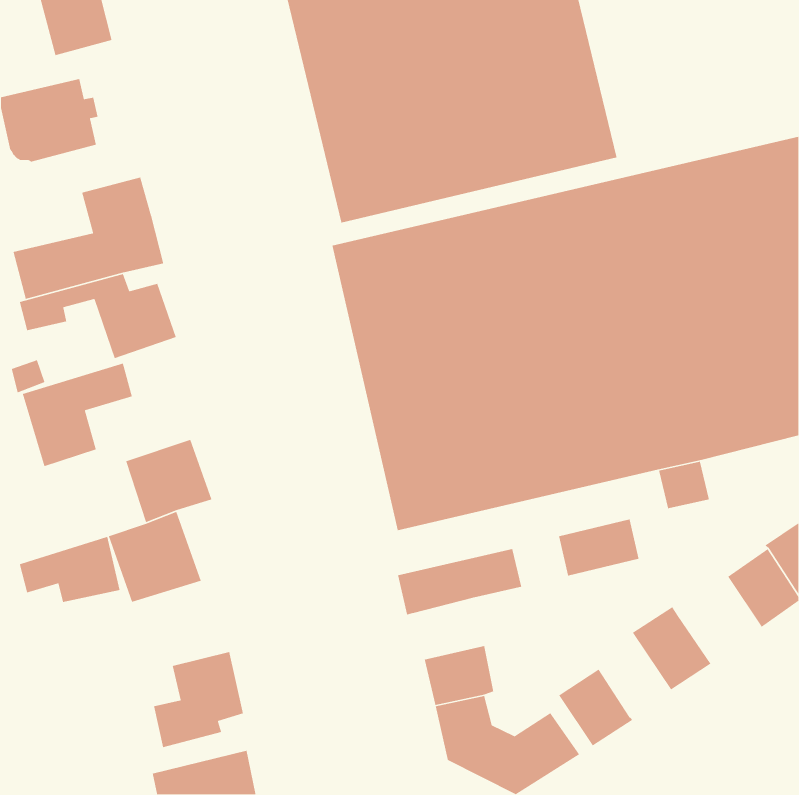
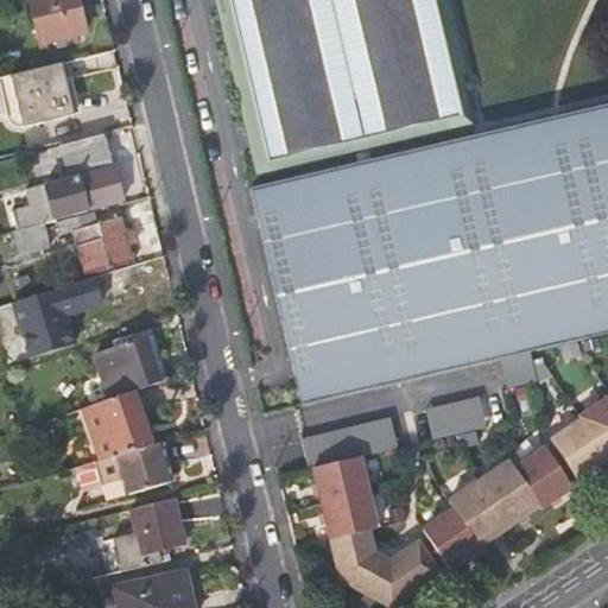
building: [19,536,120,603] -> [93,439,170,490]
building: none -> [515,446,572,507]
building: none -> [314,455,368,501]
building: none -> [449,481,509,545]

